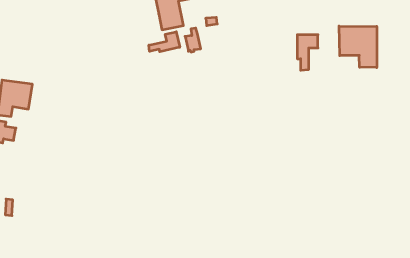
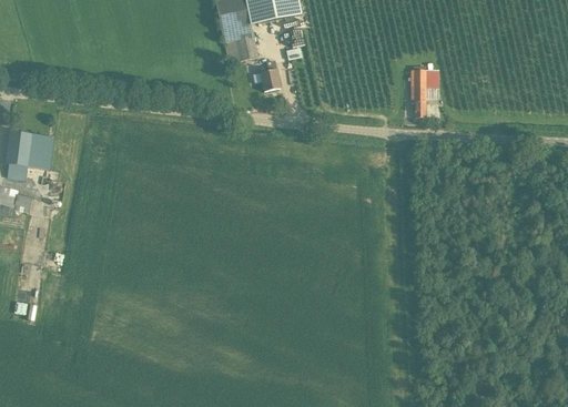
building: [339,26,377,68] -> none
building: [149,32,180,52] -> none

